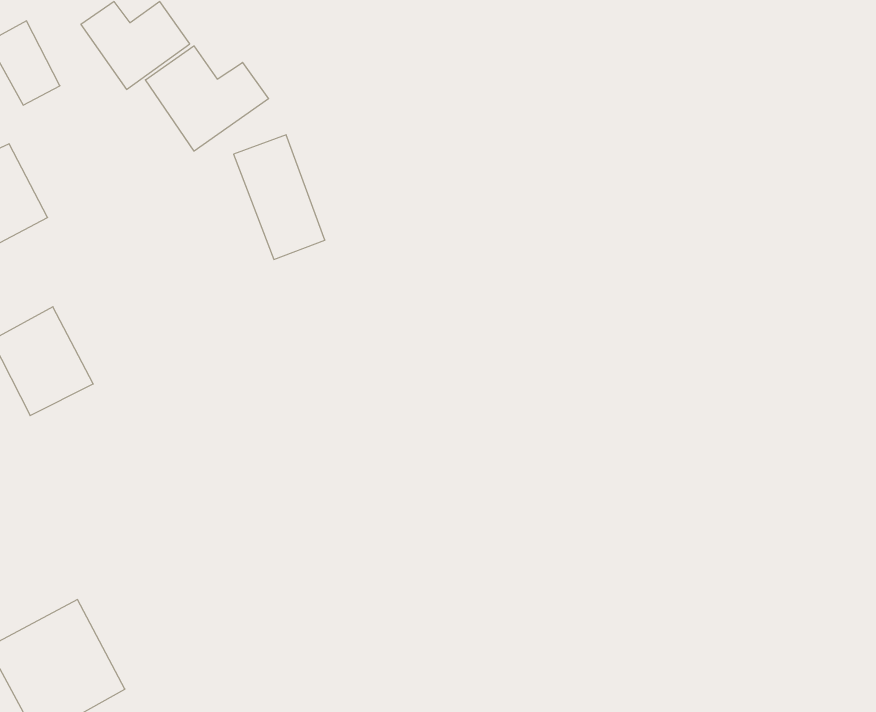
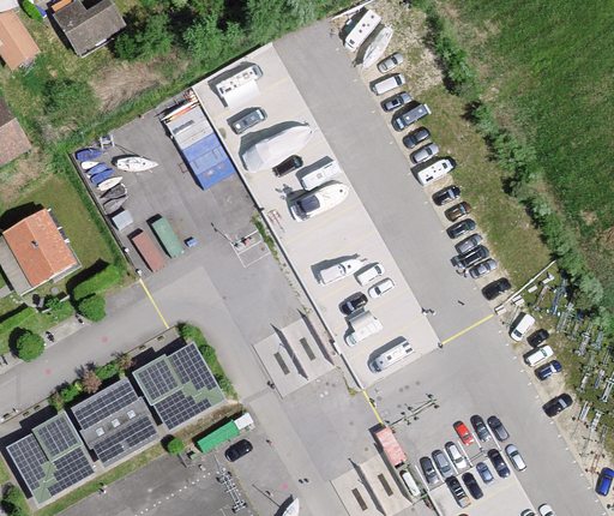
building: [145,46,269,151] -> none
building: none -> [125,340,221,437]
building: none -> [60,378,152,472]

